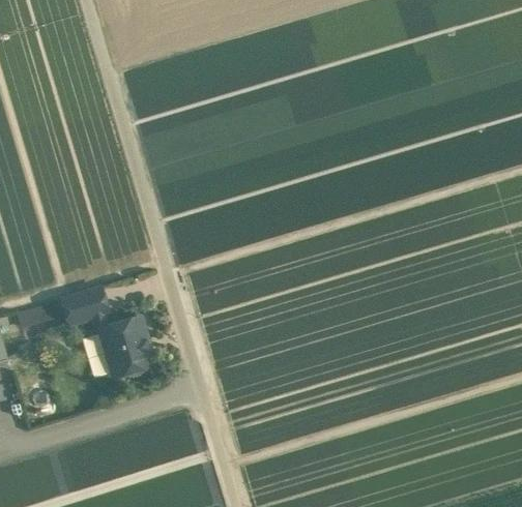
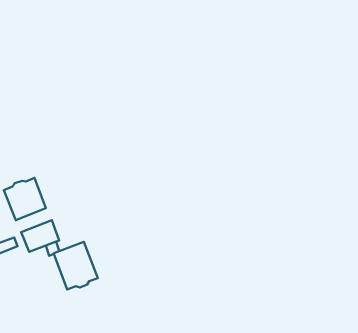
building: none -> [4,178,46,220]

